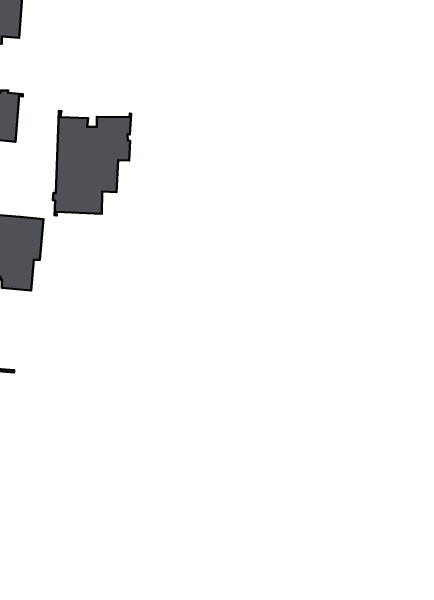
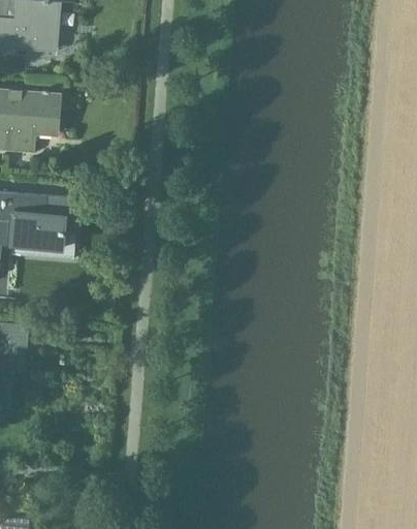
building: [53,111,131,216] -> none

